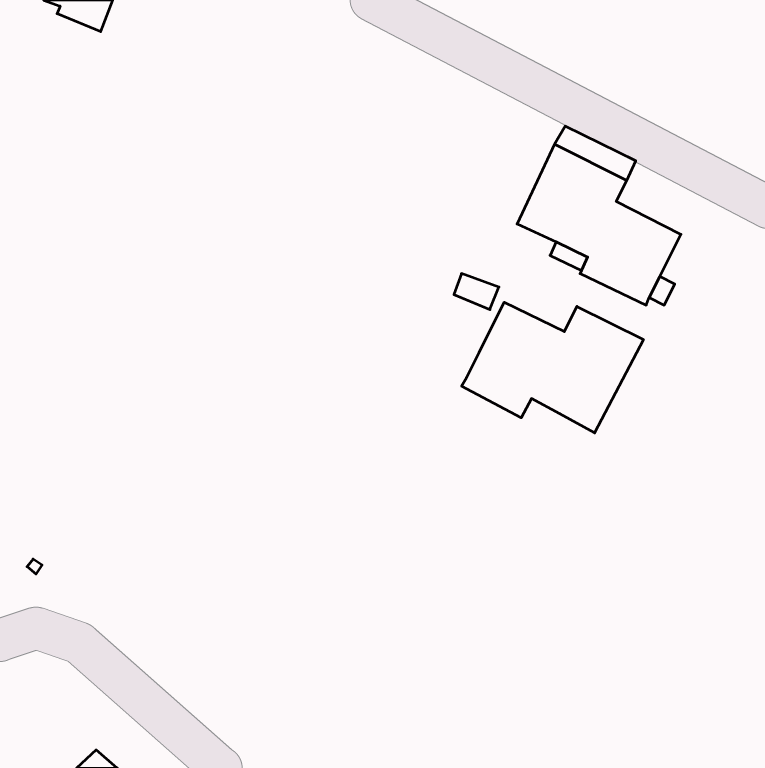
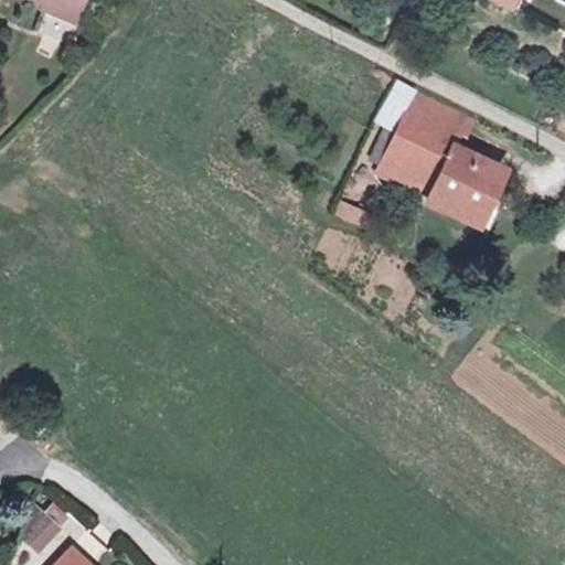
building: [462,302,643,433] -> none
building: none -> [22,505,68,552]

